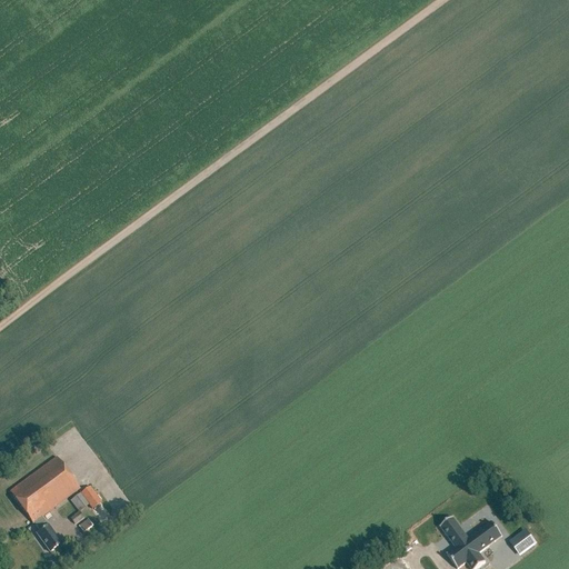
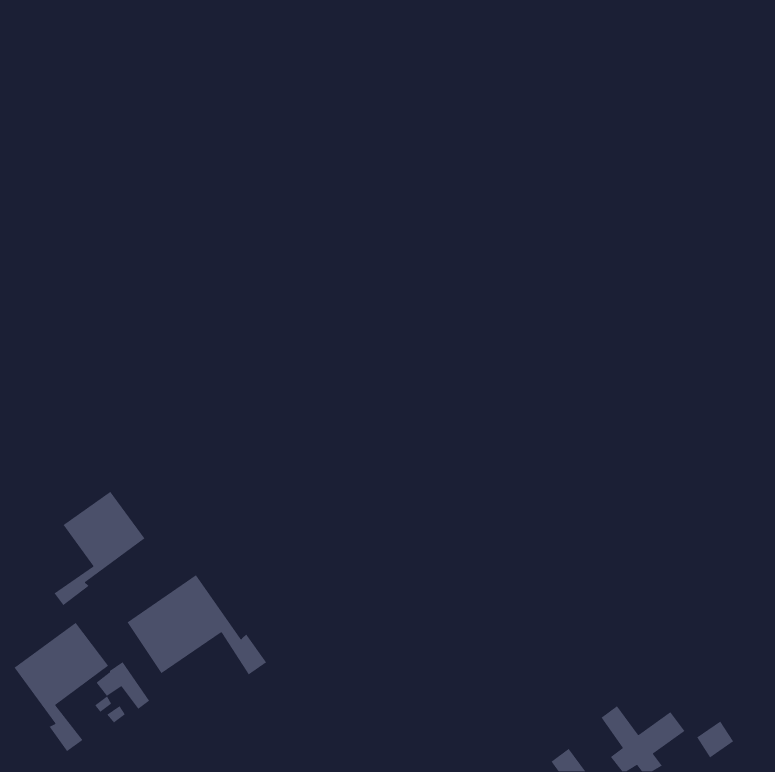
building: none -> [54,491,146,606]
building: none -> [126,574,267,675]

